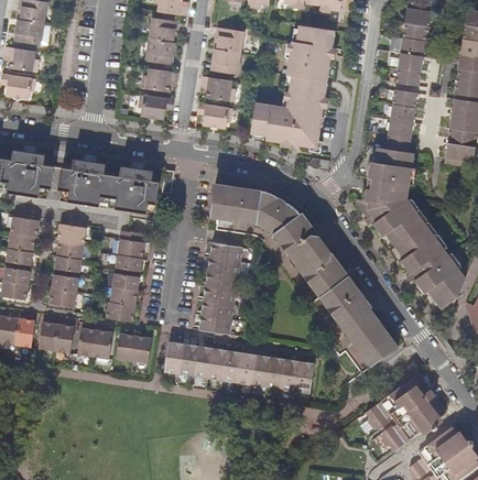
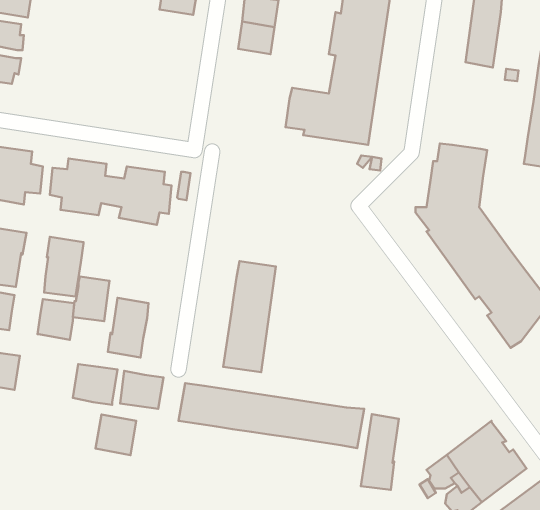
building: [144,39,175,65] -> none
building: [140,67,178,92] -> none
building: [200,76,236,101] -> none
building: [385,89,417,152] -> none
building: [138,94,174,120] -> none
building: [197,102,232,129] -> none
building: [208,183,398,367] -> none
building: [115,234,144,271] -> [73,277,110,321]
building: [37,321,74,353] -> none
building: none -> [361,414,399,490]
building: none -> [95,414,136,455]

